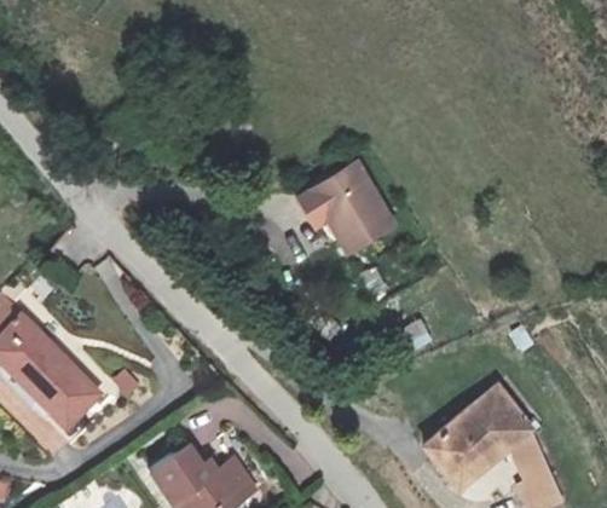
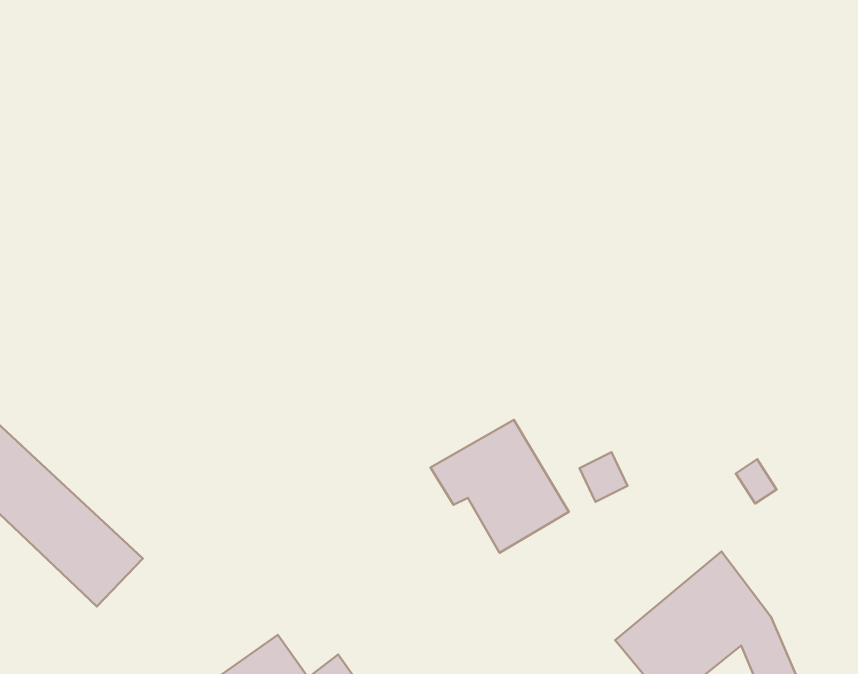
building: [297,164,392,255] -> [430,420,569,553]

